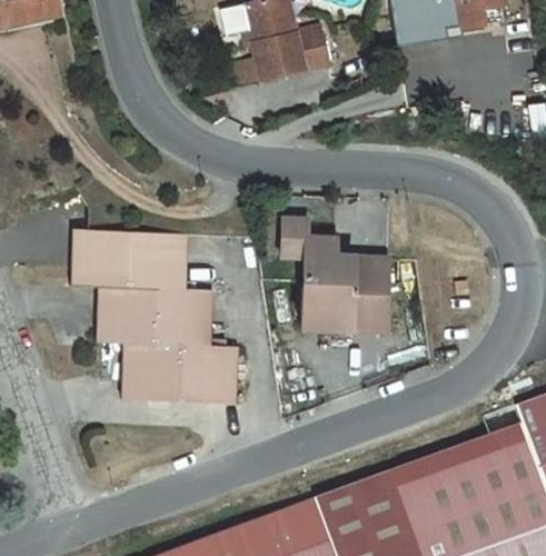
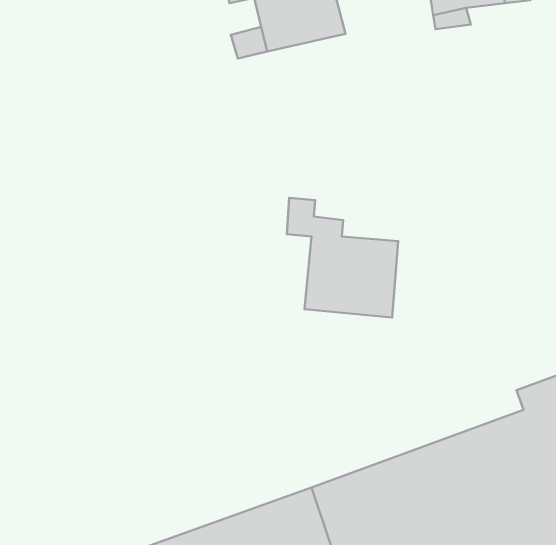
building: [72,226,234,408] -> none

